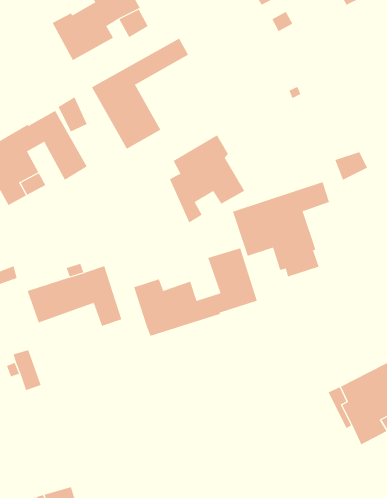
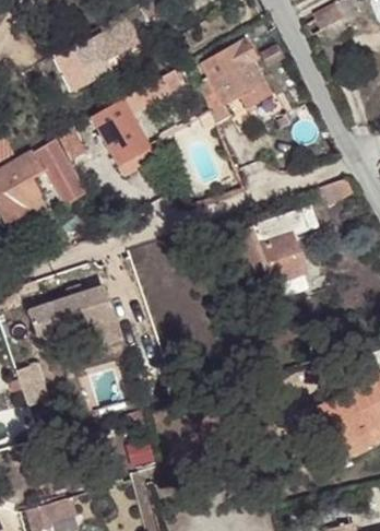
building: [169,134,245,223] -> [198,38,270,122]
building: [133,248,258,337] -> none

